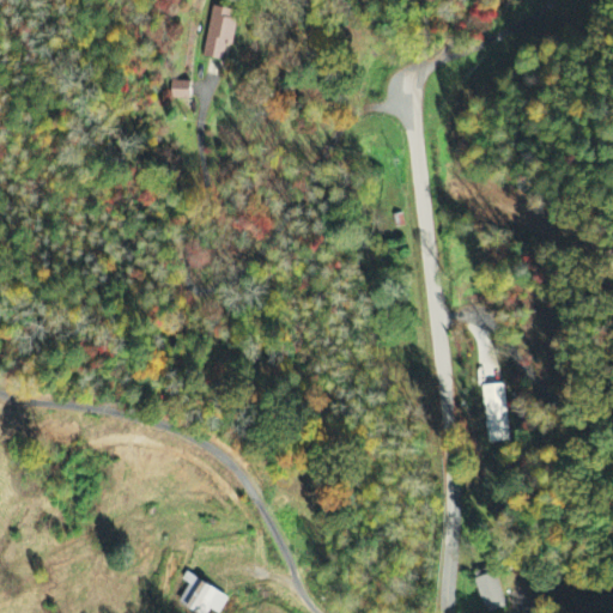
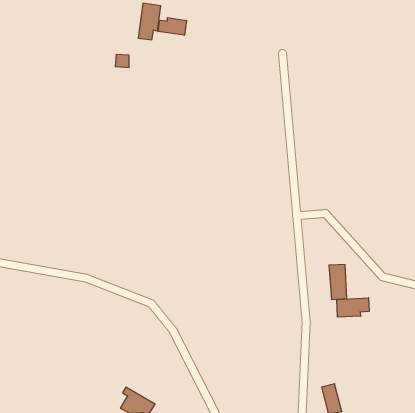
building: none -> [158,18,187,35]
building: none -> [337,298,369,317]

